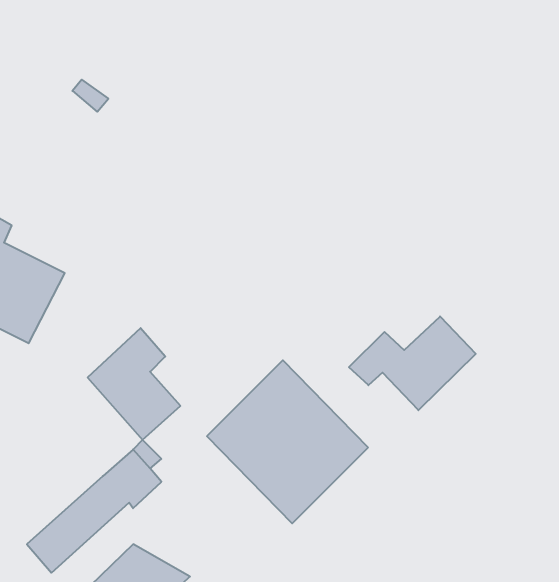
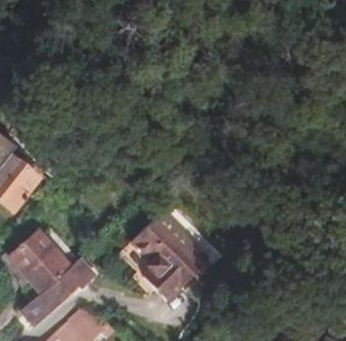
building: [349,316,476,410] -> none
building: [88,328,180,440] -> [12,231,63,292]

